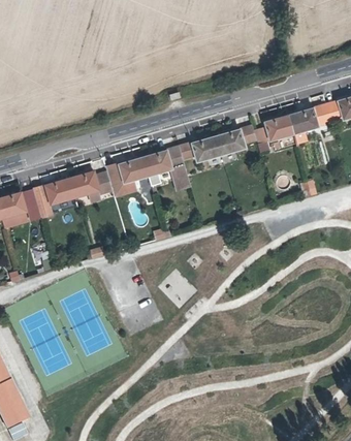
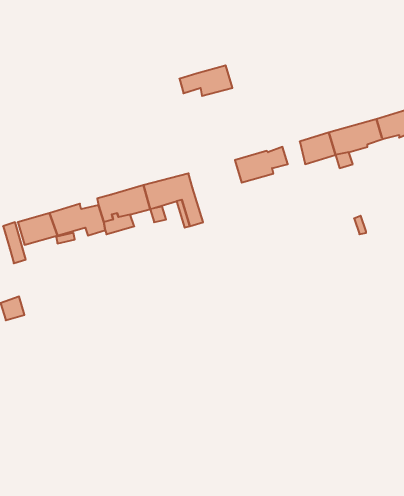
building: [178,137,219,161] -> [179,65,232,96]

